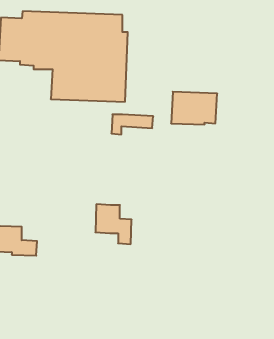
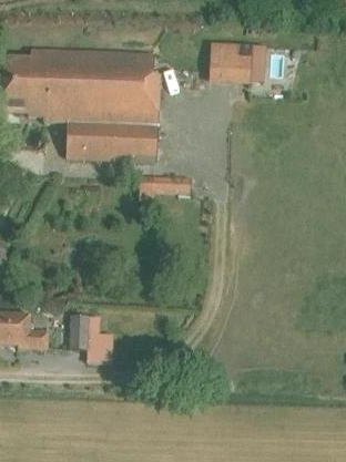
building: [171,92,217,124] -> [208,42,265,82]
building: [95,204,132,244] -> [70,314,114,362]

